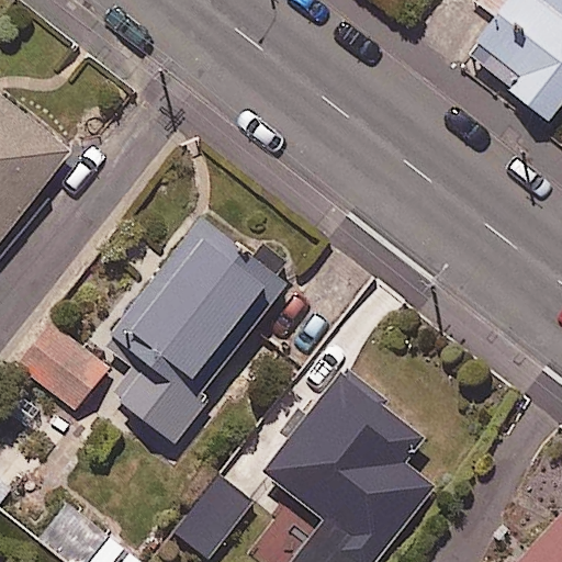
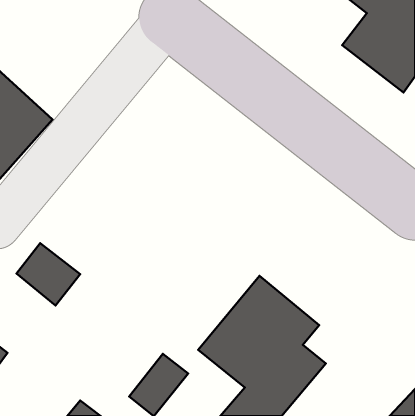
building: [102,215,282,440] -> none

